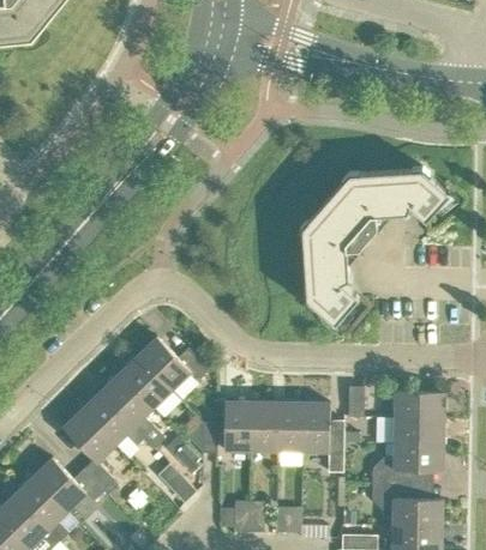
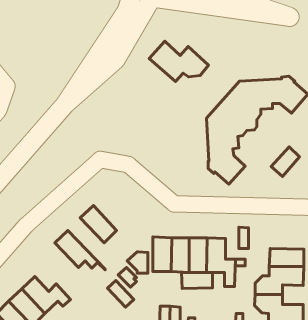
building: none -> [149,41,208,81]
building: none -> [271,147,300,176]
building: [137,336,208,391] -> none
building: [100,373,164,447] -> none
building: [394,391,443,418] -> none
building: [61,409,116,494] -> none
building: none -> [182,272,212,288]

